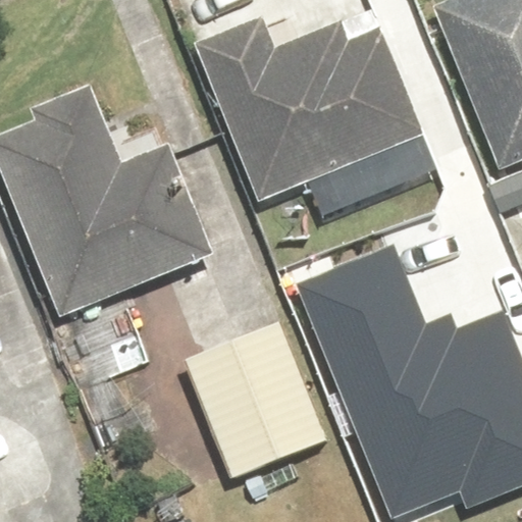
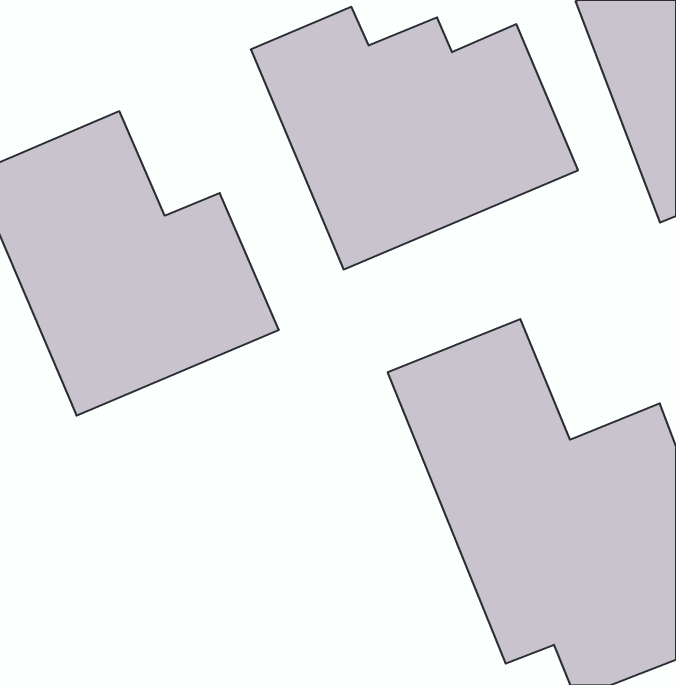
building: [189,321,331,476] -> none

